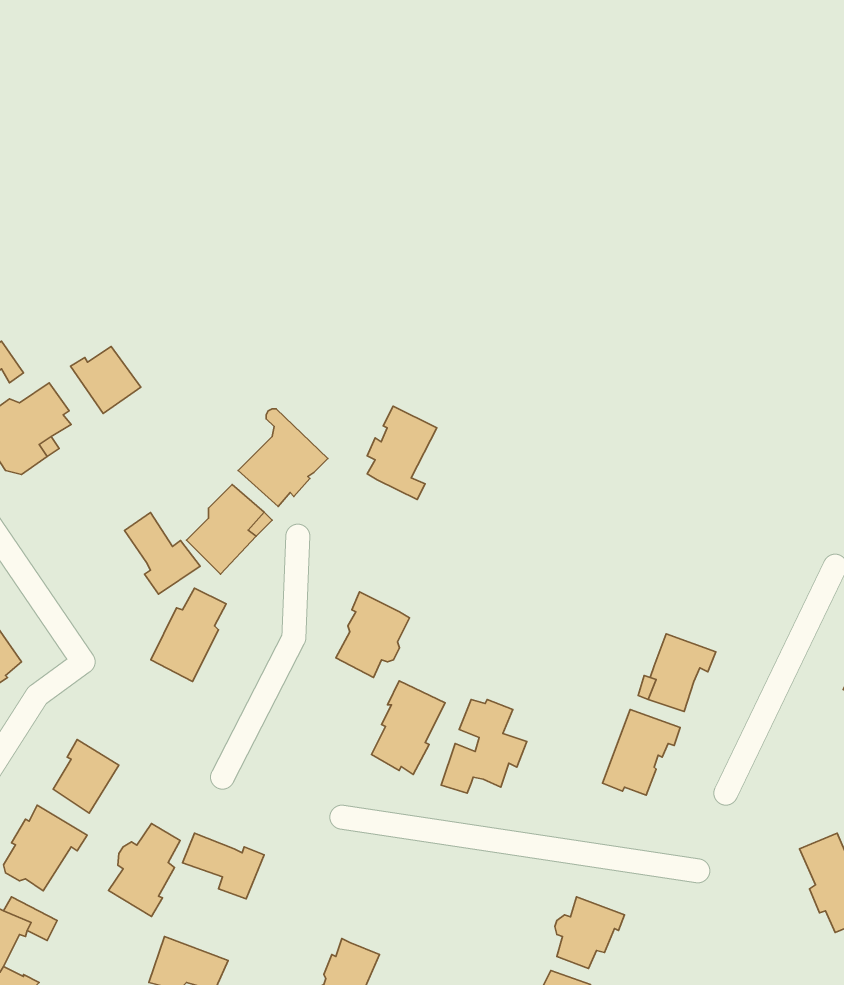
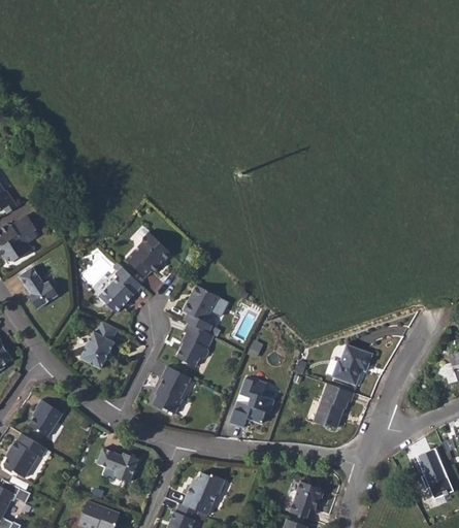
building: [70,346,141,414] -> none
building: [367,406,437,500] -> [183,285,219,333]
building: [125,513,200,594] -> [20,267,59,309]
building: [371,681,445,774] -> [153,366,191,415]
building: [108,823,180,916] -> none
building: none -> [183,472,225,515]

